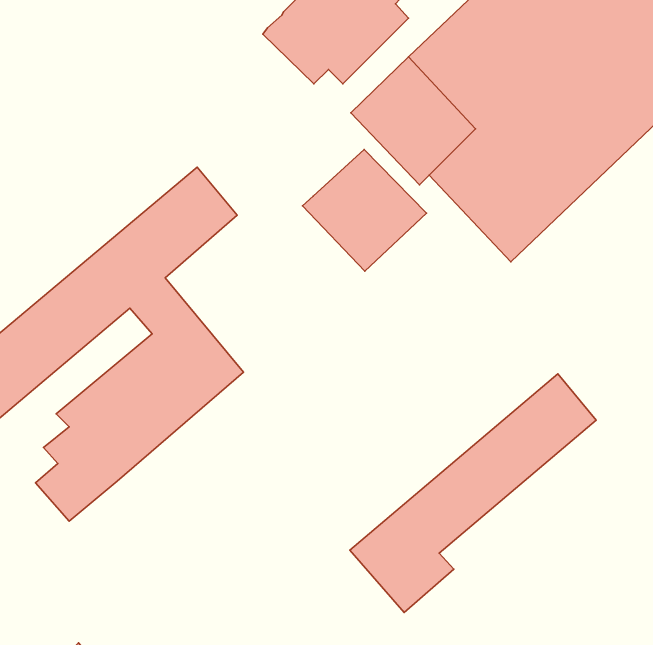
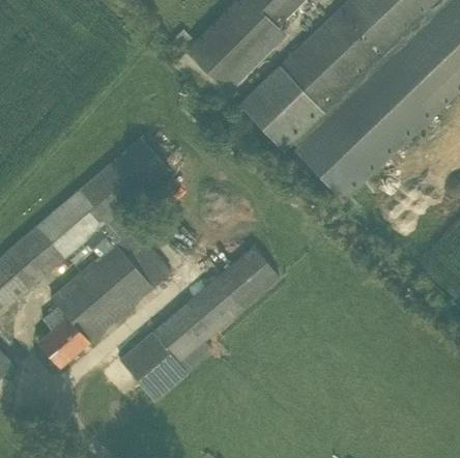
building: [303,149,427,271] -> none
building: [350,374,596,613] -> [119,247,279,401]

